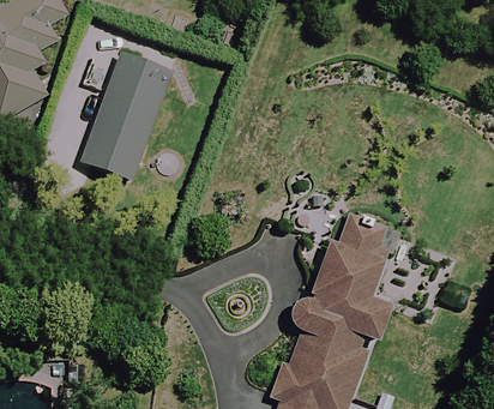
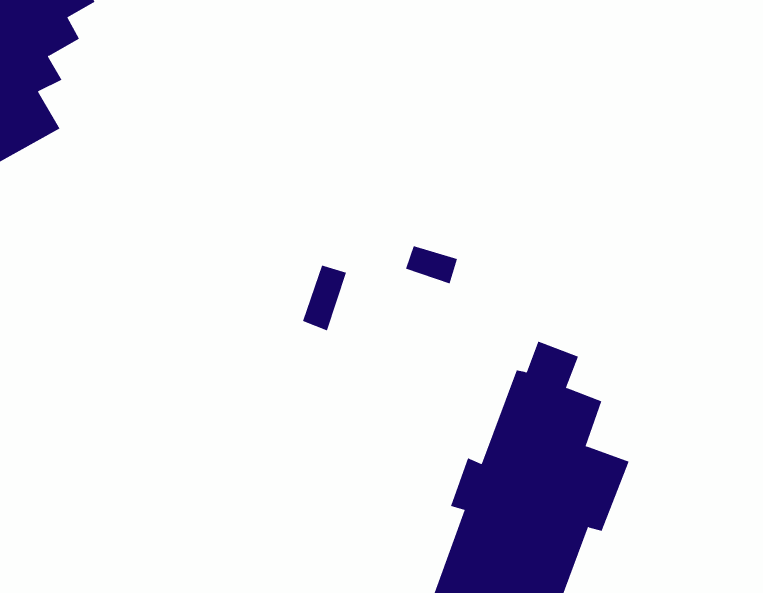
building: [84,54,171,179] -> none

